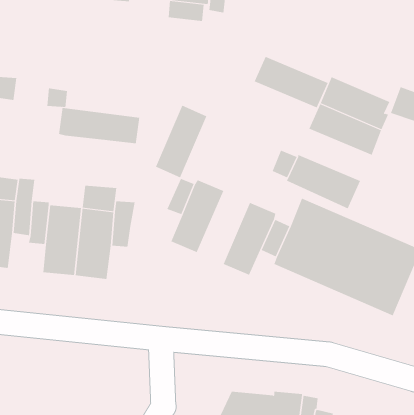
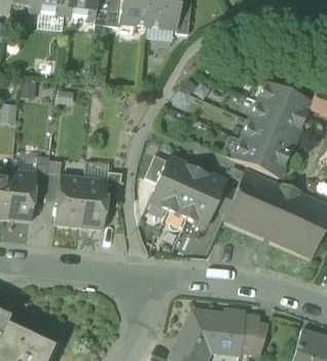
building: [254,56,328,108] -> [241,119,295,157]
building: [155,105,207,178] -> [168,165,206,218]
building: [59,107,140,144] -> none

